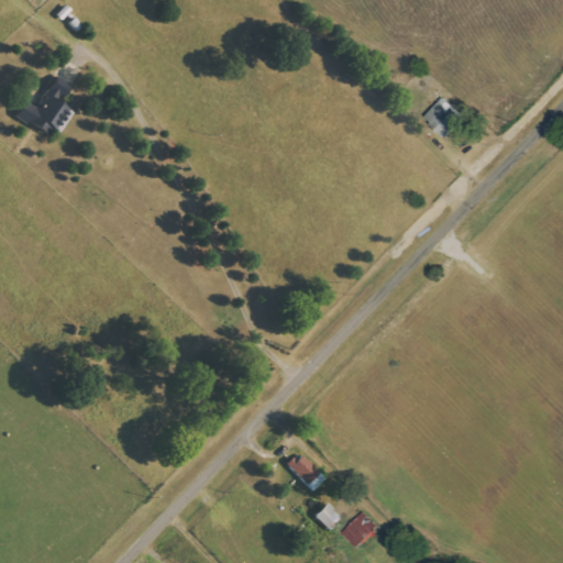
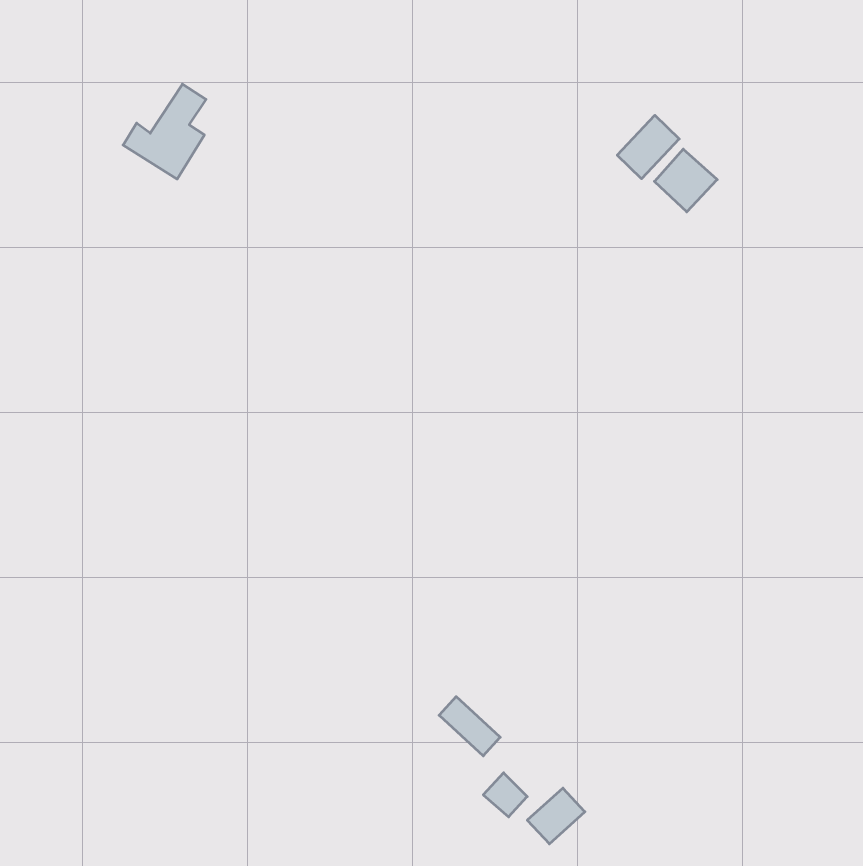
building: none -> [617,115,679,179]
building: [16,76,70,137] -> [123,84,206,179]

